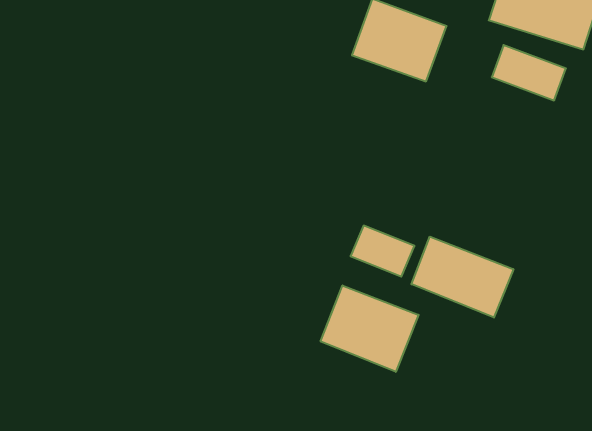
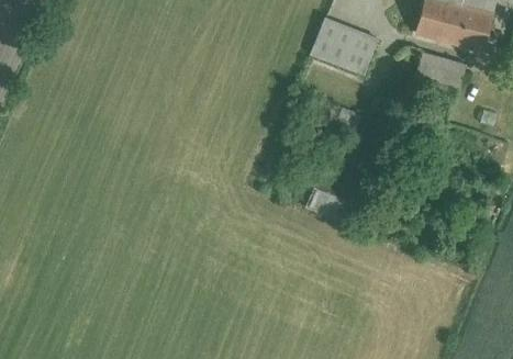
building: [411,237,513,318] -> none
building: [321,285,419,372] -> none

